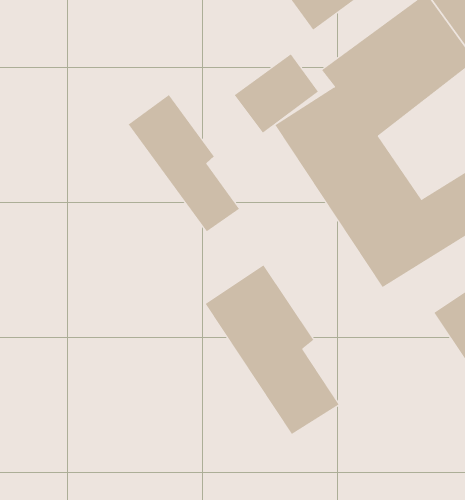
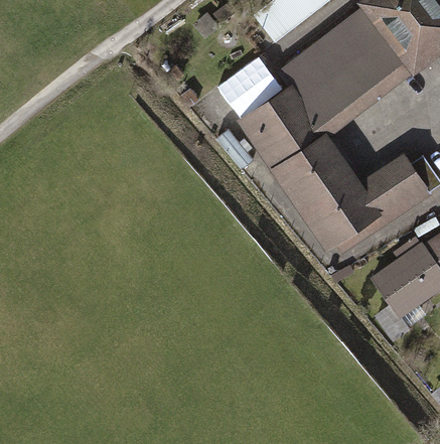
building: [128,94,240,232] -> none
building: [205,264,339,435] -> none

